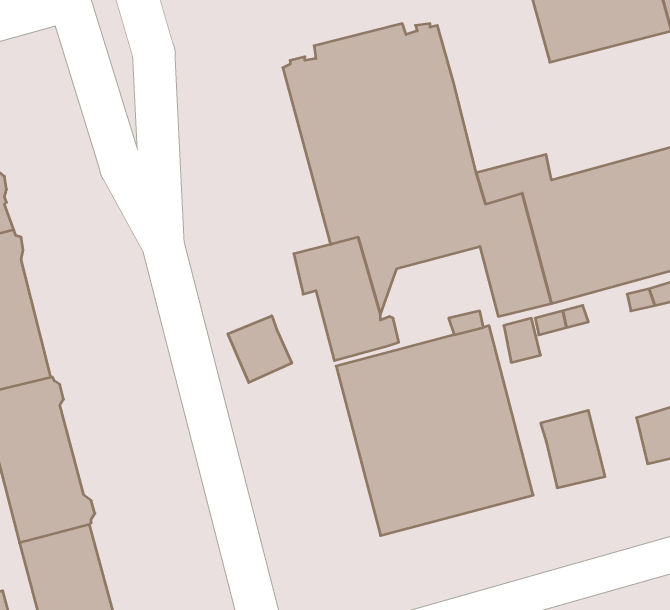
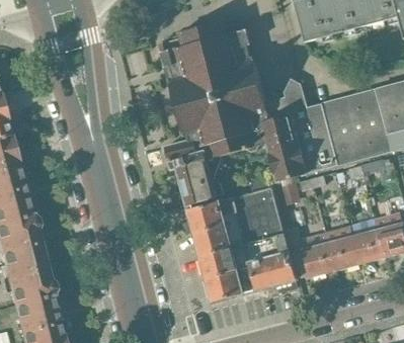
building: [228,316,292,383] -> none
building: none -> [328,227,360,269]

